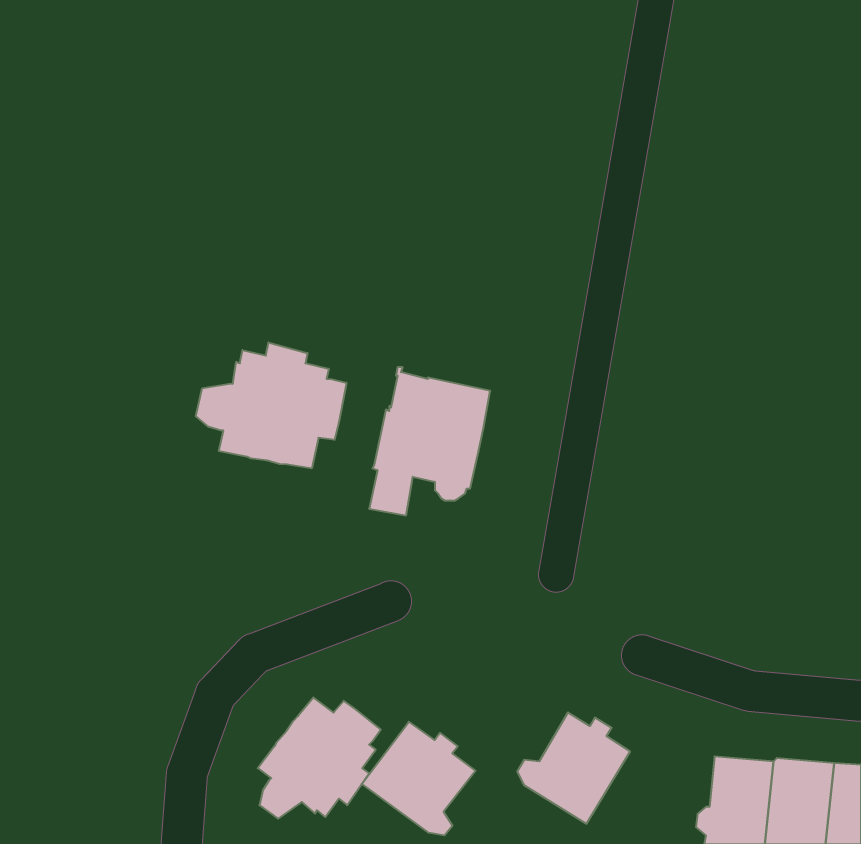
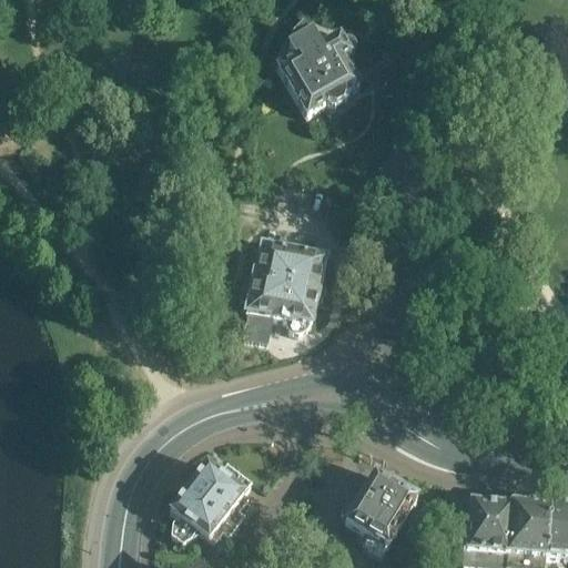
building: none -> [276,9,358,113]
building: [196,342,346,468] -> none
building: [362,722,476,835] -> none

